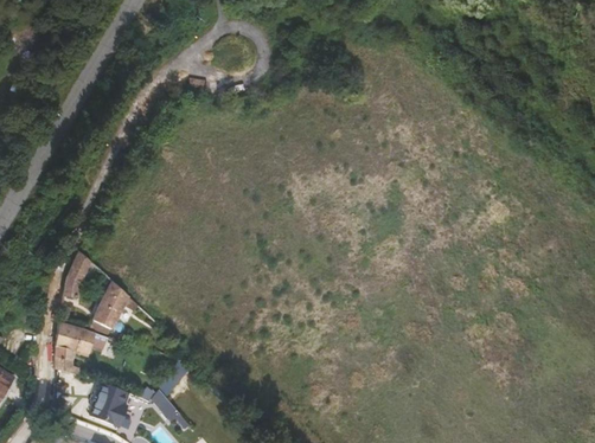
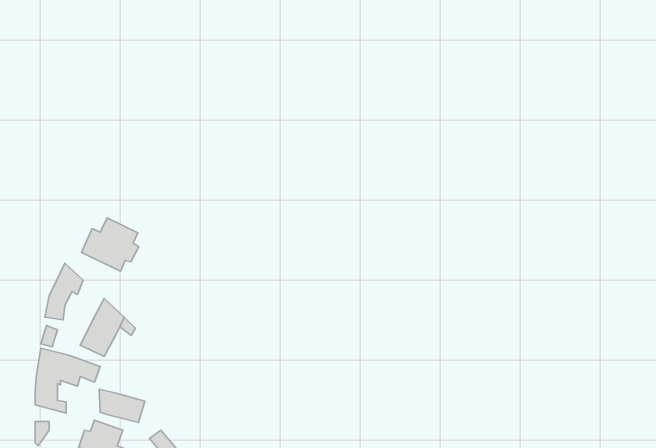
building: none -> [82,218,139,271]
building: none -> [99,389,145,422]

